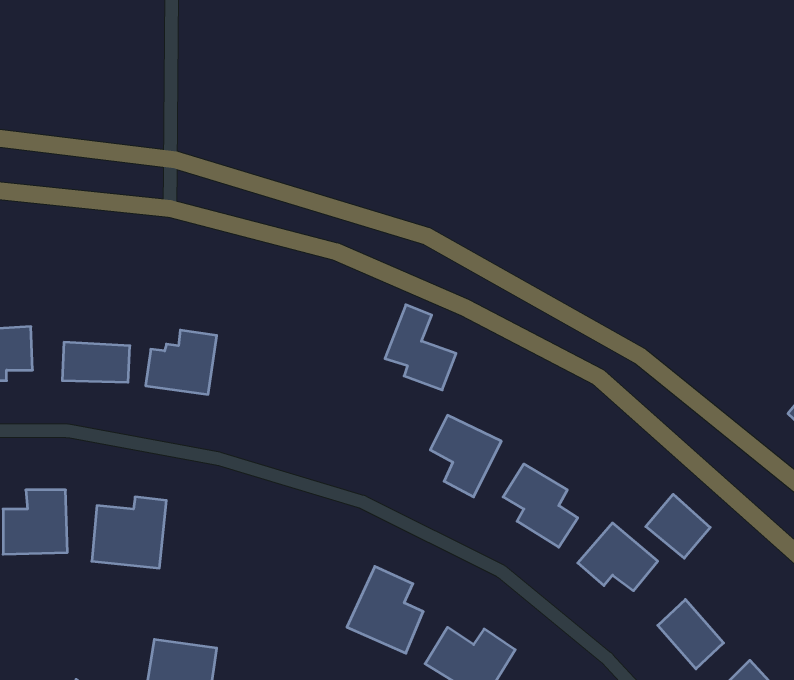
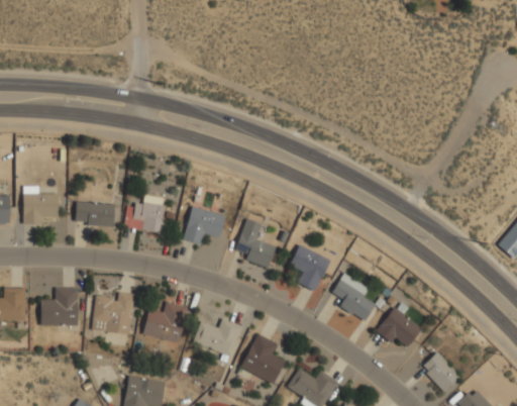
building: [385,305,456,390] -> [234,218,276,268]
building: none -> [183,206,225,244]
building: [646,494,710,558] -> none
building: none -> [142,300,187,341]
building: none -> [193,318,243,356]

